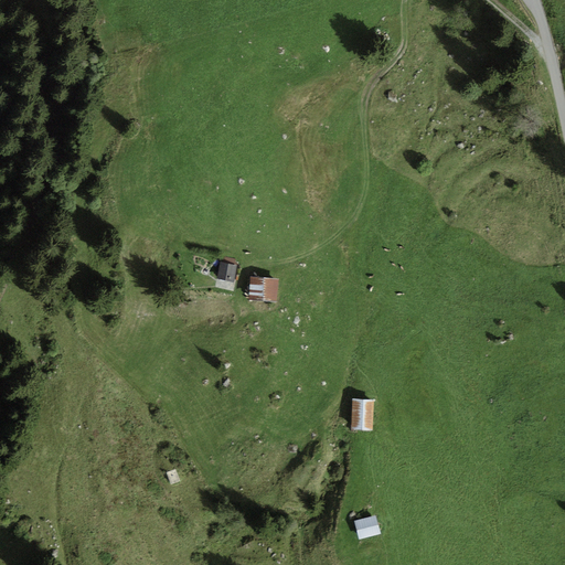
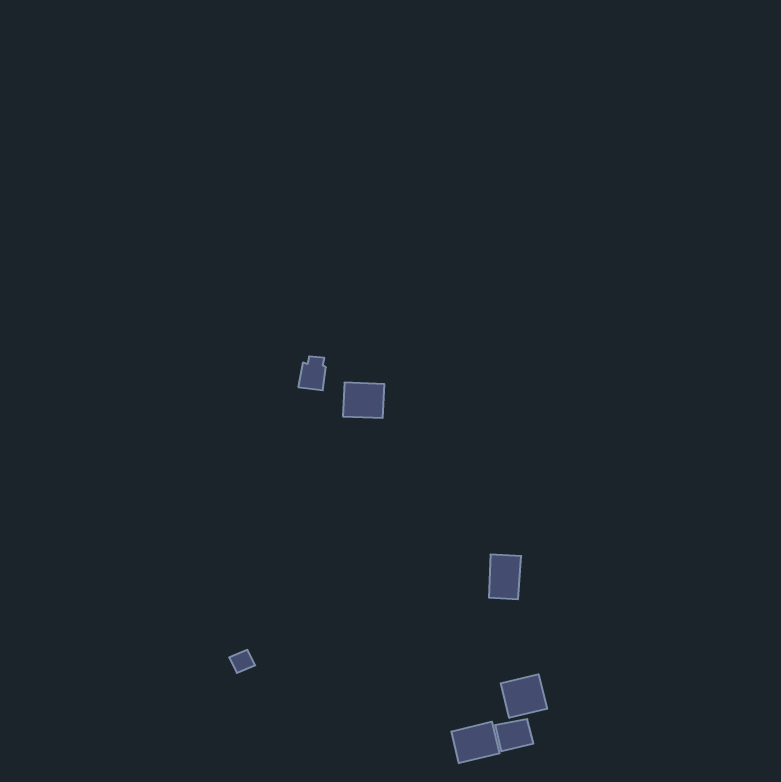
building: none -> [501,674,547,718]
building: none -> [451,722,500,763]

